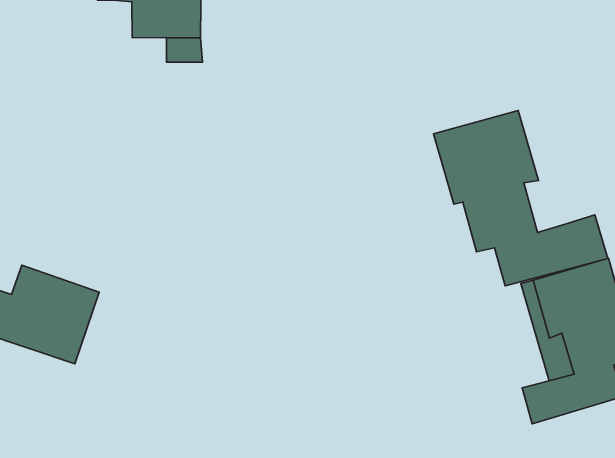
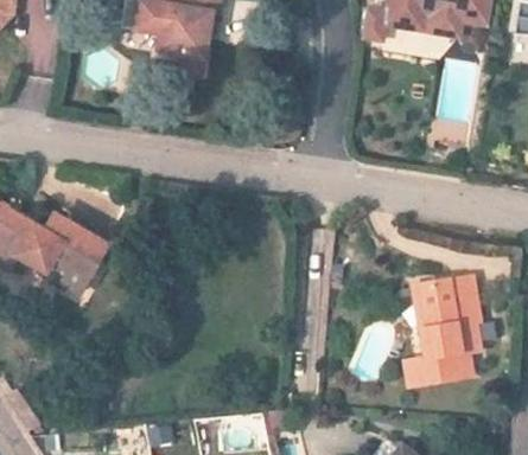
building: [433,110,608,286] -> none

